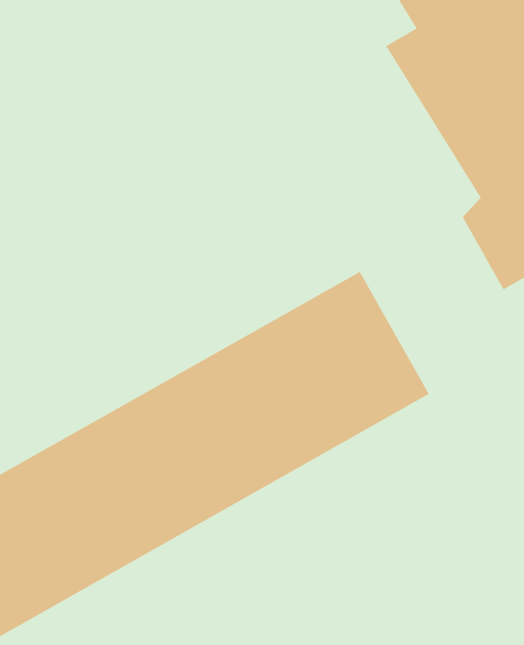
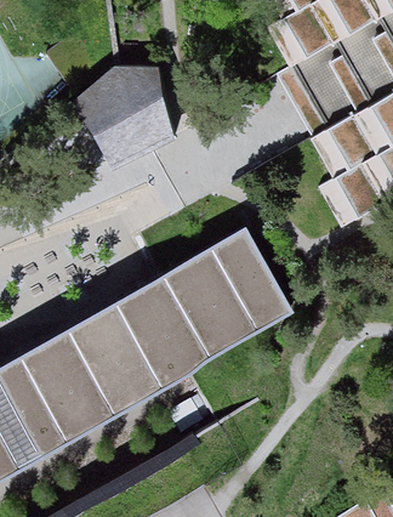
building: none -> [79,68,172,170]

